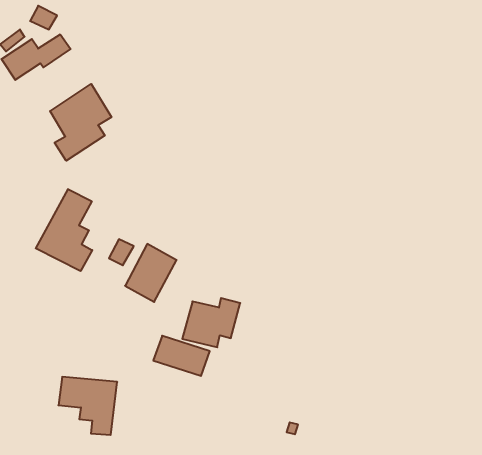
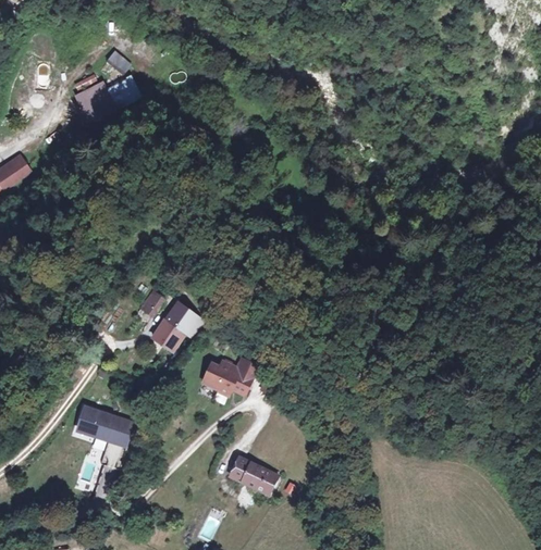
building: [50,84,111,161] -> none
building: [36,189,92,271] -> none
building: [153,336,210,376] -> [225,452,280,496]

